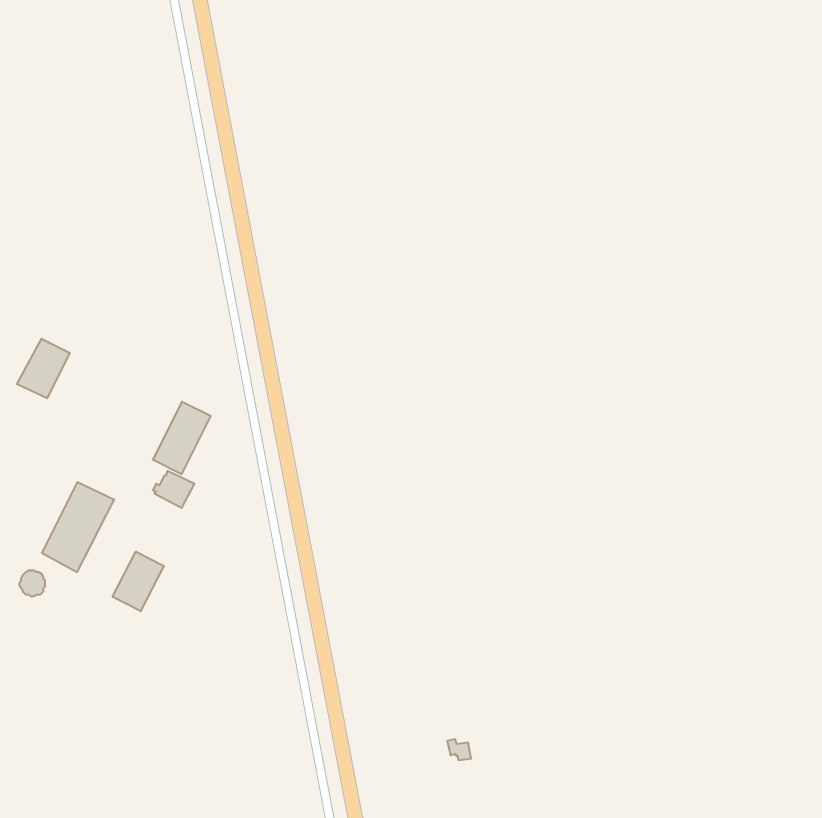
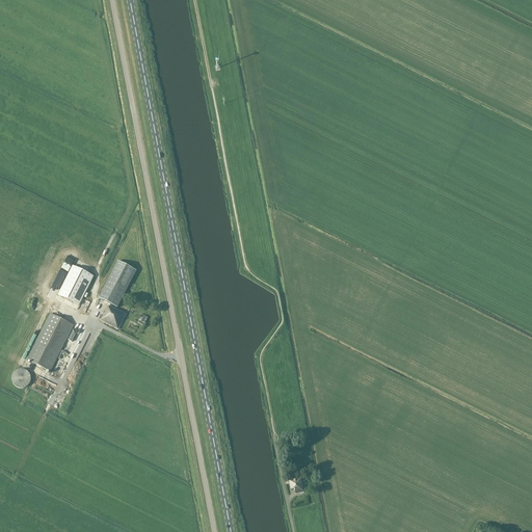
building: [17,339,70,398] -> [58,265,92,303]
building: [113,552,164,611] -> none

